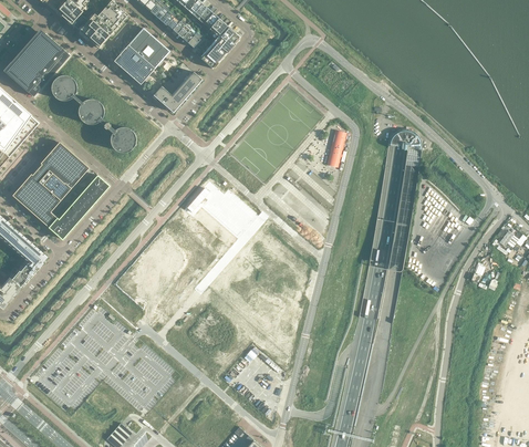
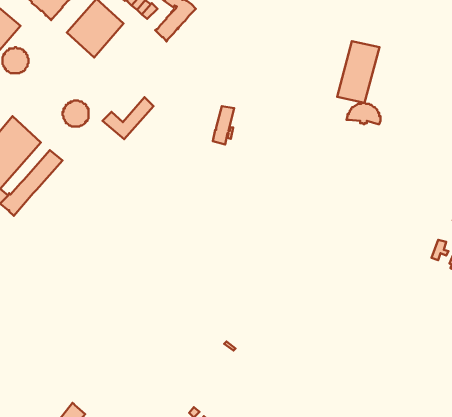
building: none -> [337,41,379,103]
building: [152,71,201,112] -> [103,97,153,139]
building: [77,98,103,124] -> none
building: [324,129,345,167] -> [213,106,234,145]

